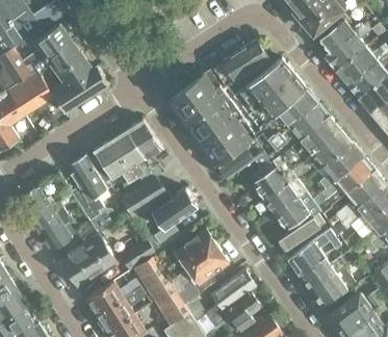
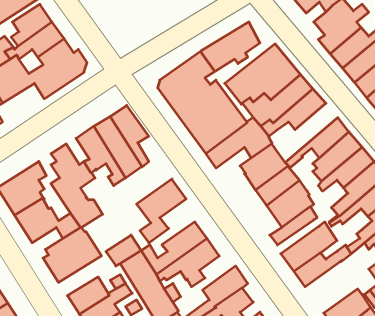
building: [279,118,341,174] -> none
building: [122,178,167,221] -> none
building: [310,260,367,307] -> none

